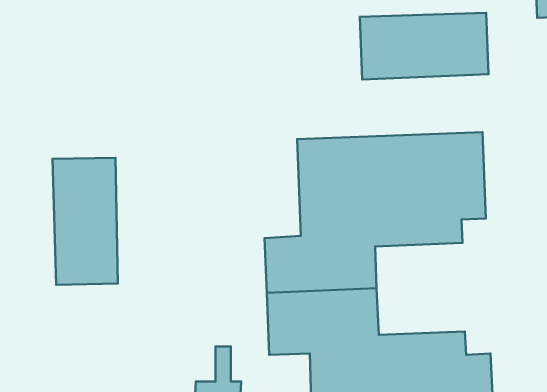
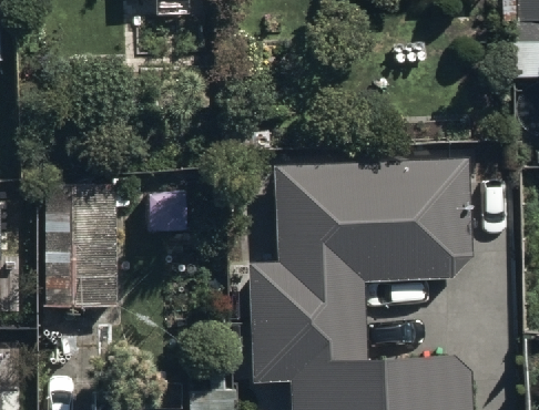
building: [360,13,489,79] -> none

